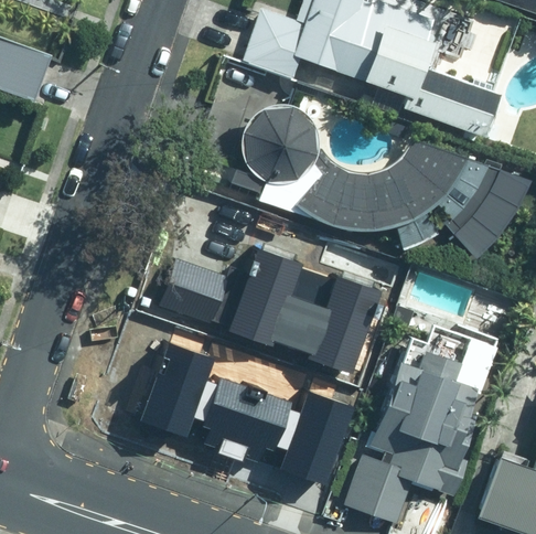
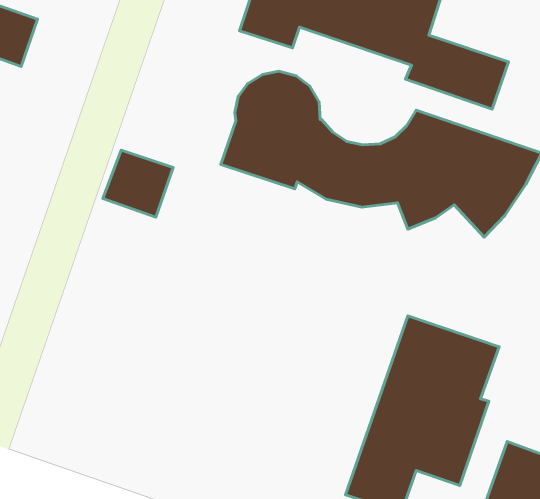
building: [231,246,379,371] -> none
building: [162,257,229,321] -> [103,150,173,217]
building: [138,342,350,485] -> none

